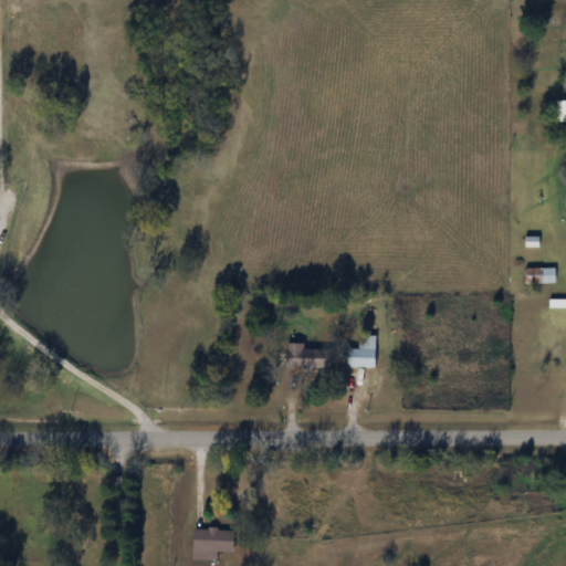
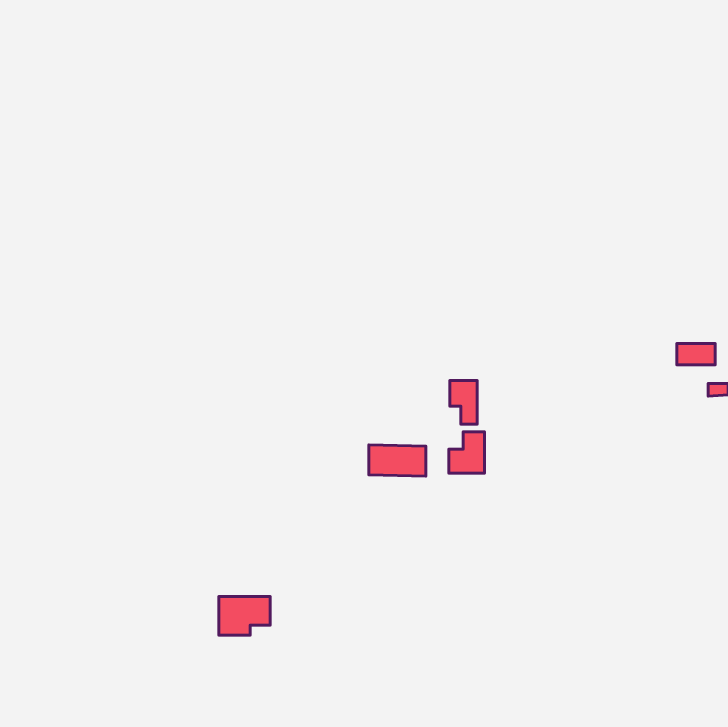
building: none -> [450,381,477,424]
building: [193,528,233,558] -> [219,597,270,635]

